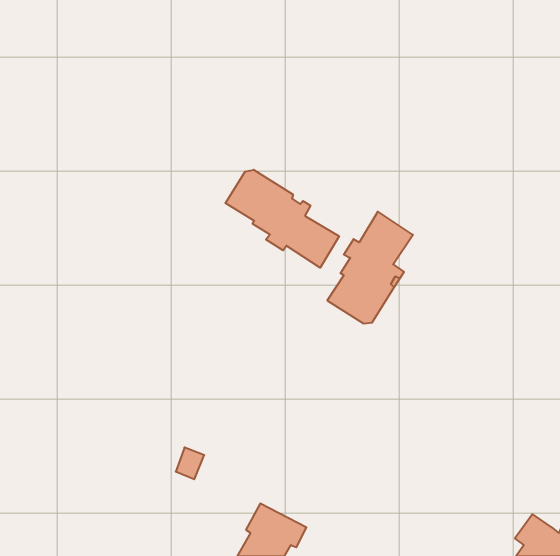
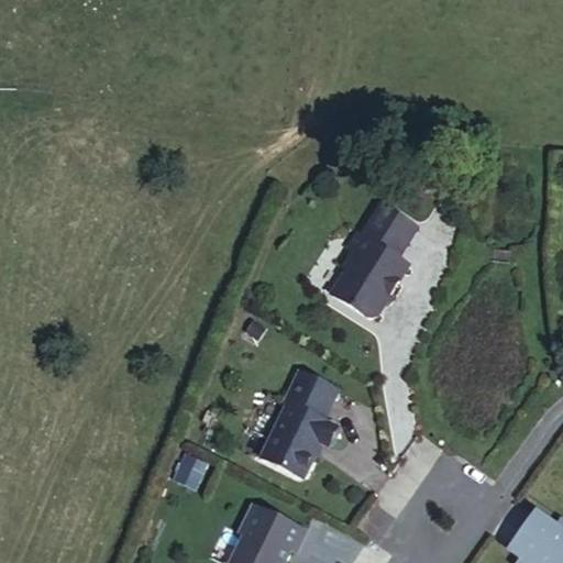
building: [225,170,339,268] -> none
building: none -> [258,368,335,472]

